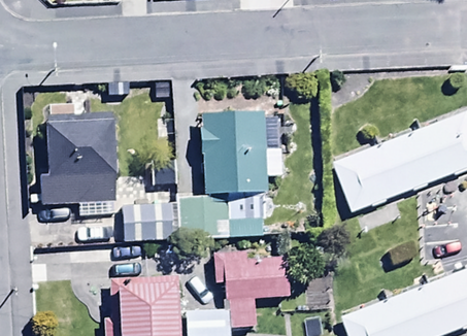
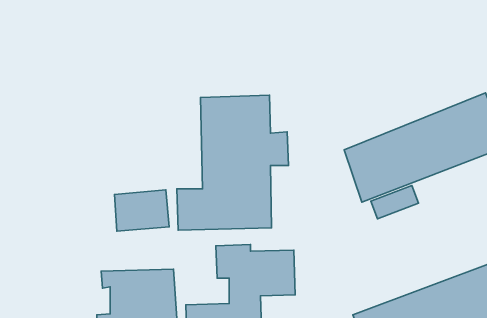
building: [42,121,115,202] -> none

